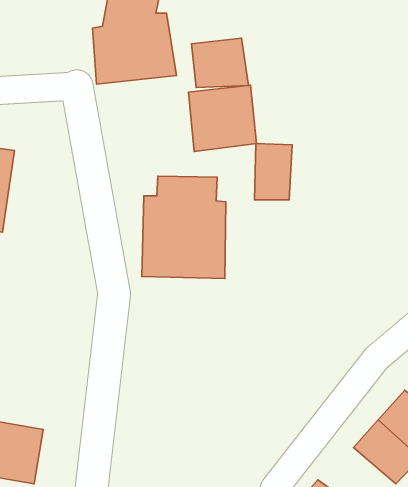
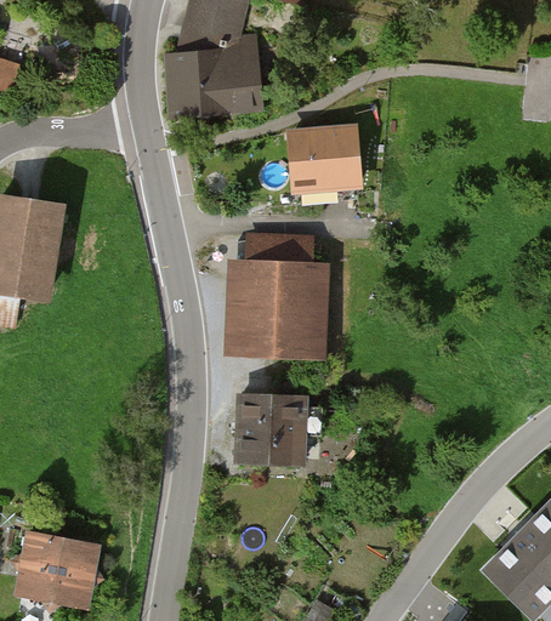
building: [191,38,249,88] -> none
building: [254,144,292,200] -> none
building: none -> [233,392,308,468]

